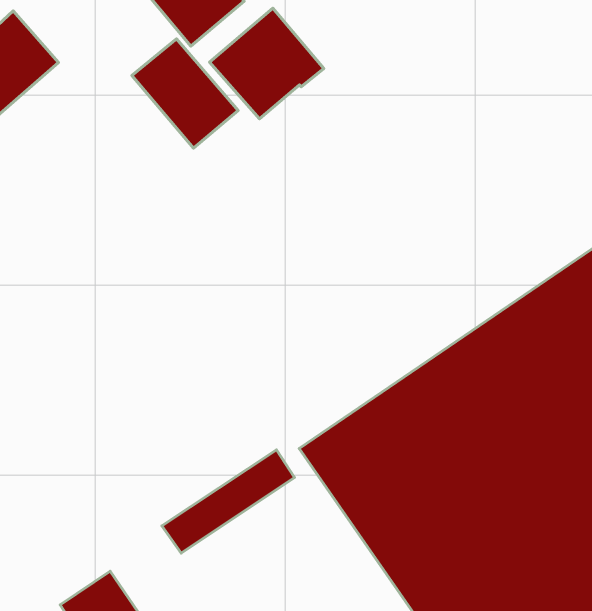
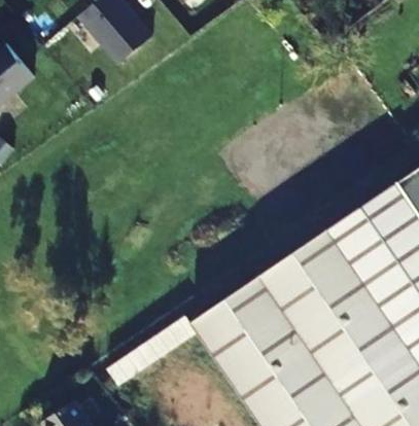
building: [210,8,324,119] -> none
building: [132,39,238,148] -> none

